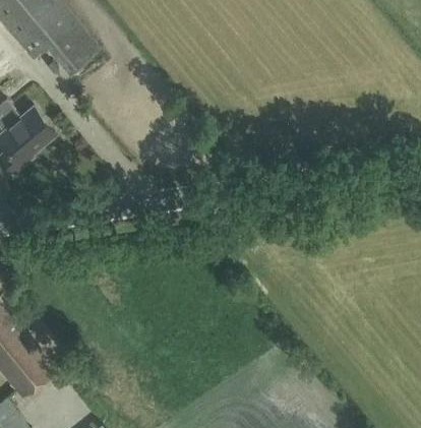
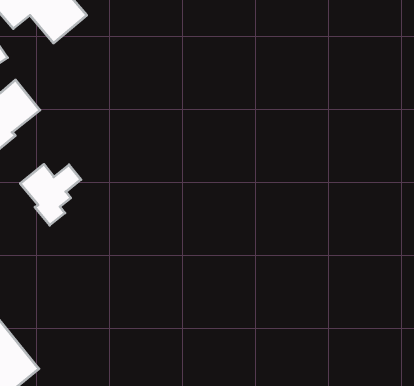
building: none -> [20,164,81,225]

